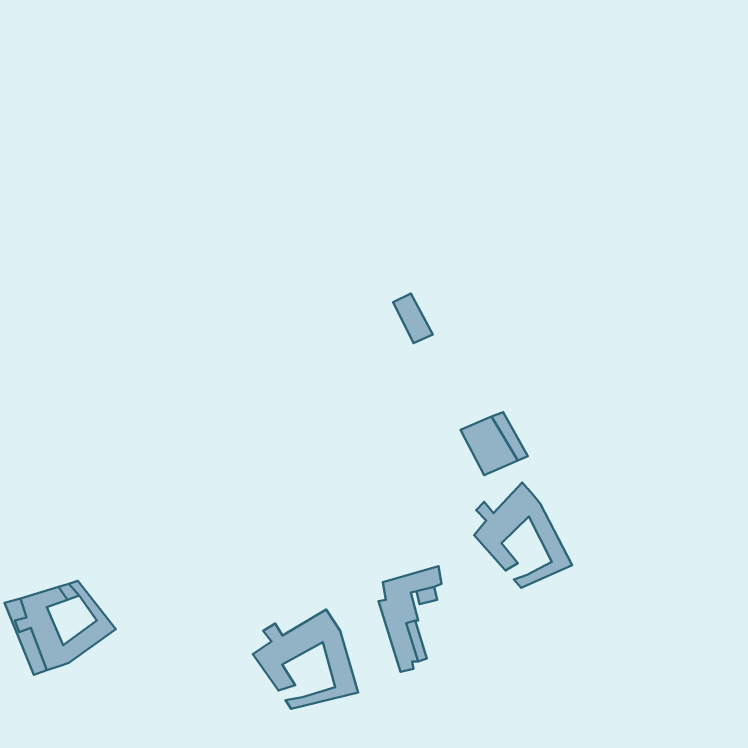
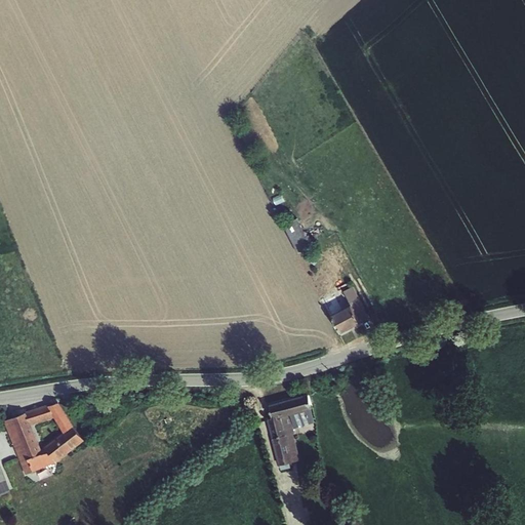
building: [474,482,572,588] -> none
building: [253,609,358,709] -> none

